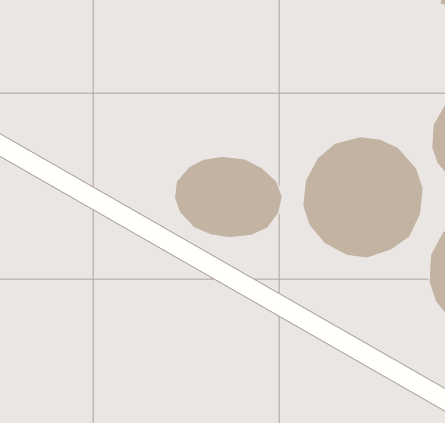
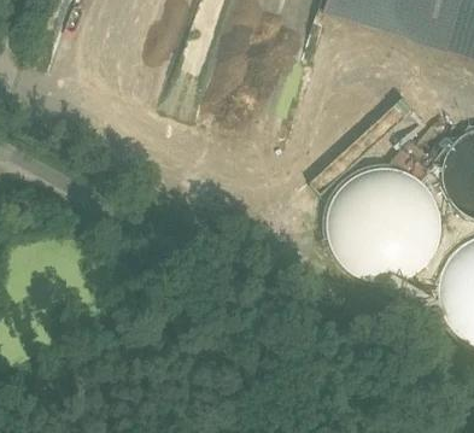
building: [174,156,282,238] -> none

